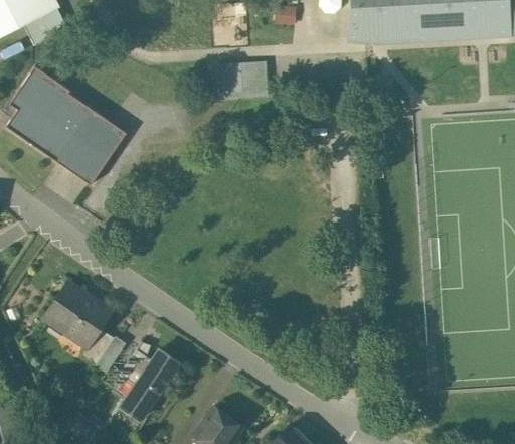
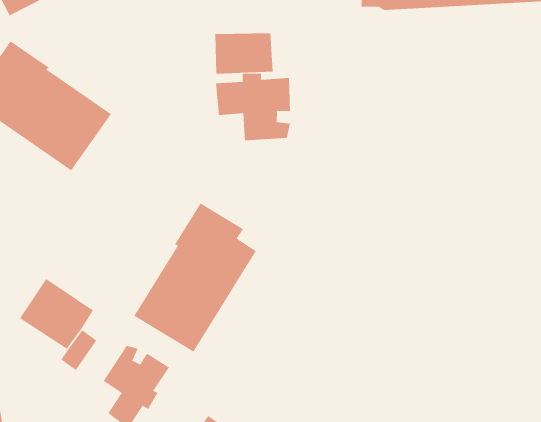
building: none -> [216,73,291,141]
building: none -> [133,203,257,353]

